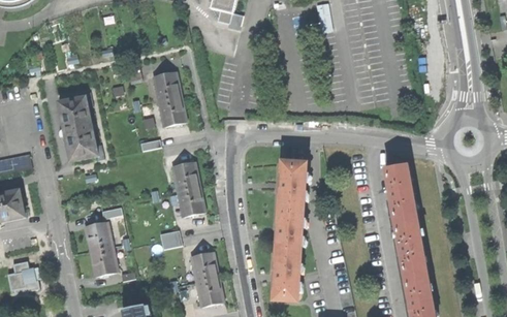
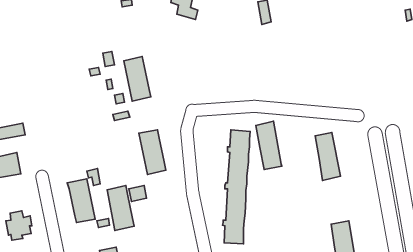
building: [58,95,100,160] -> none
building: [395,218,427,277] -> [256,121,282,169]
building: [189,251,222,306] -> [107,186,134,230]

